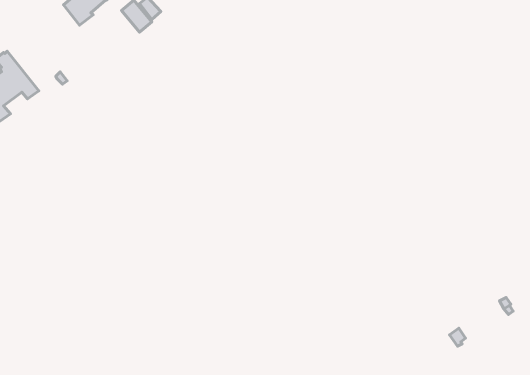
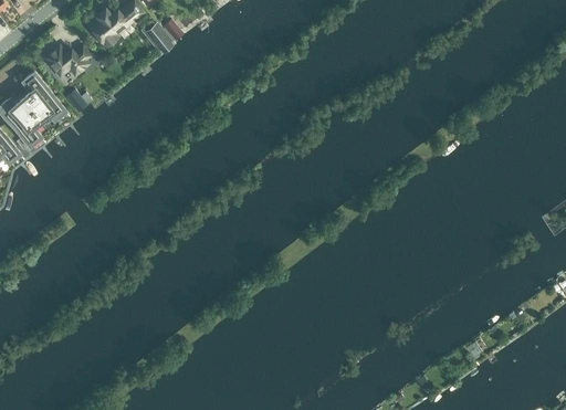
building: none -> [44,45,91,75]

